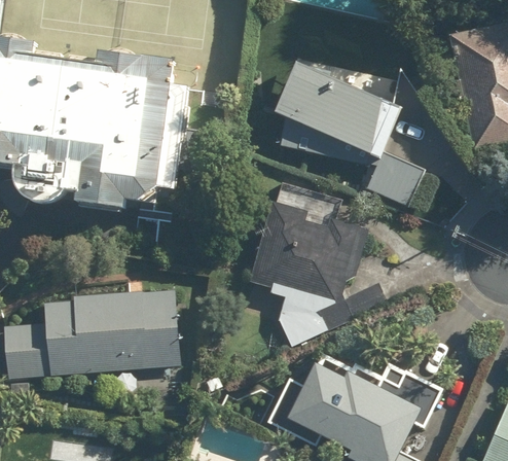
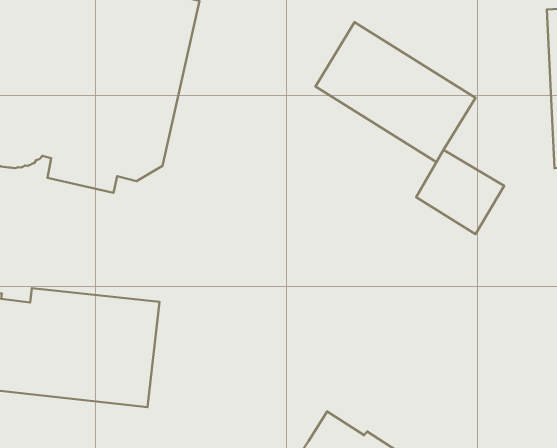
building: [249,202,387,346] -> none

